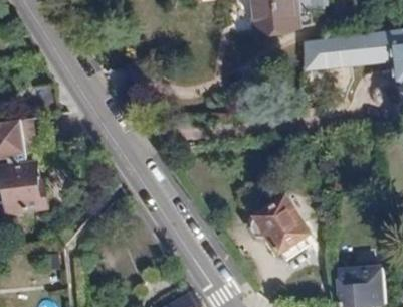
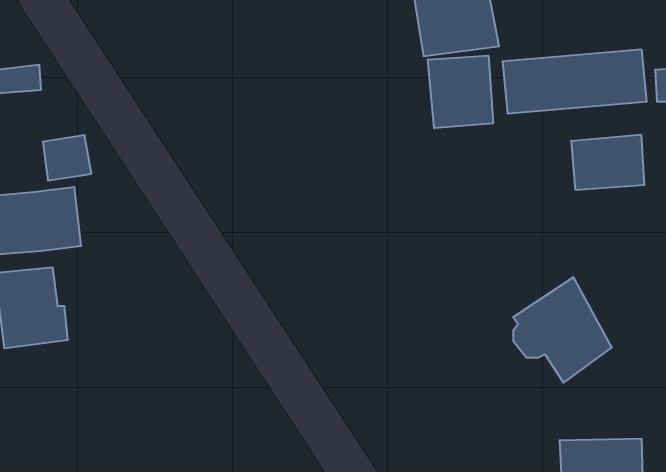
building: none -> [428,56,493,128]
building: none -> [571,135,644,190]
building: [250,192,310,256] -> [513,277,612,383]

